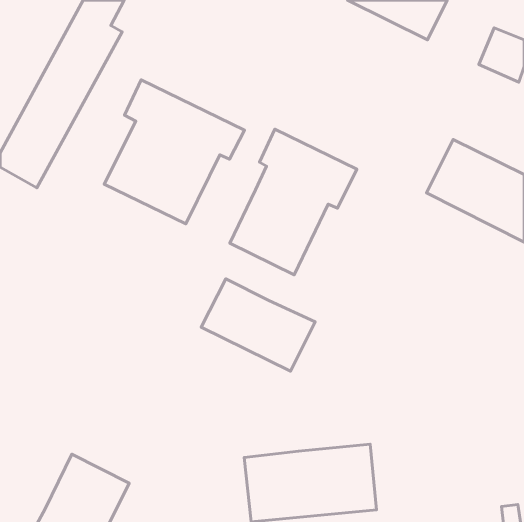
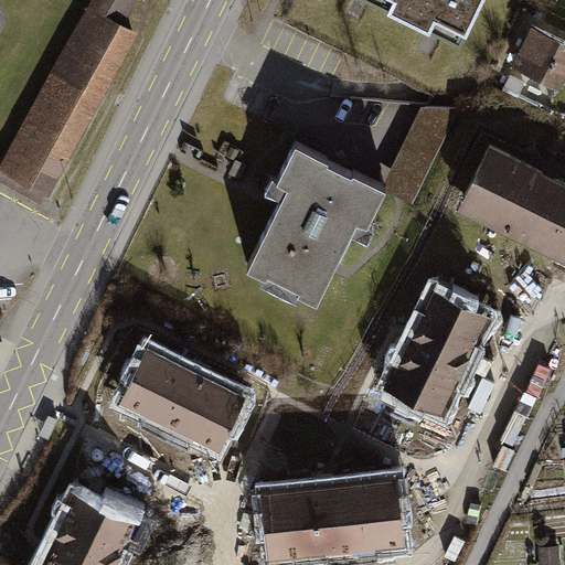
building: [104,80,244,224] -> none
building: none -> [388,294,490,414]
building: [201,279,315,371] -> [124,351,246,450]

